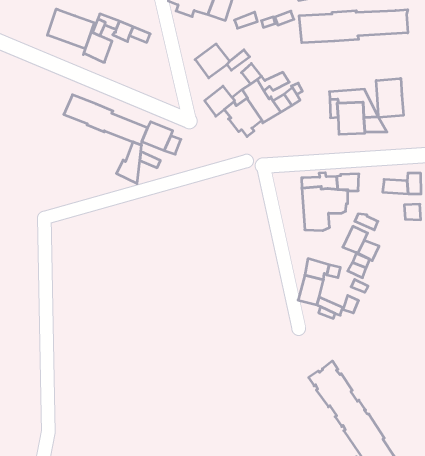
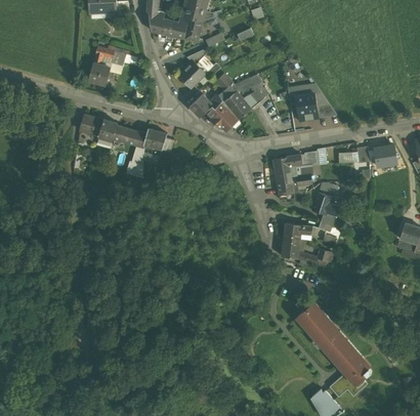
building: [47,9,94,49] -> none
building: [299,10,408,43] -> none
building: [376,78,403,118] -> none

